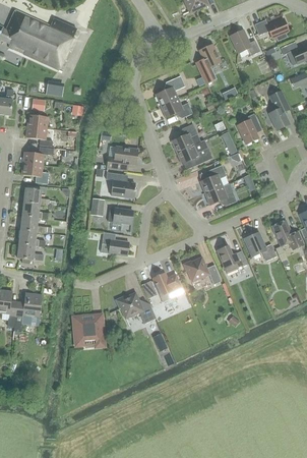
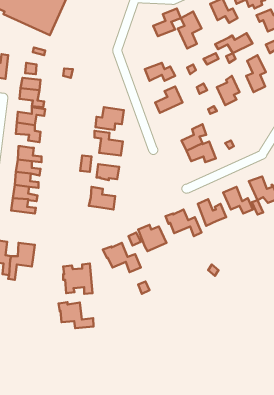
building: none -> [215,33,252,53]
building: [155,75,184,105] -> [153,9,181,36]
building: [176,138,211,164] -> none
building: none -> [58,302,93,328]

